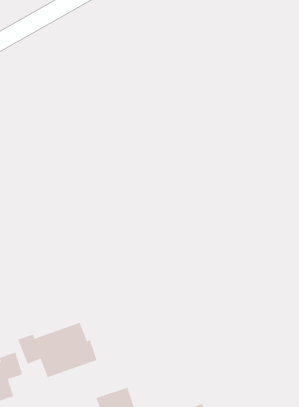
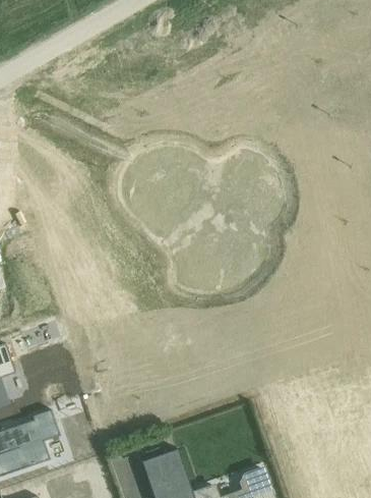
building: [17,322,97,378] -> none

